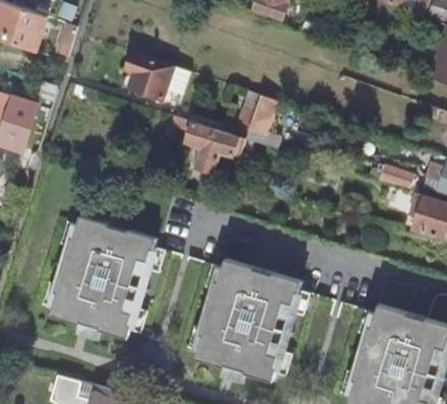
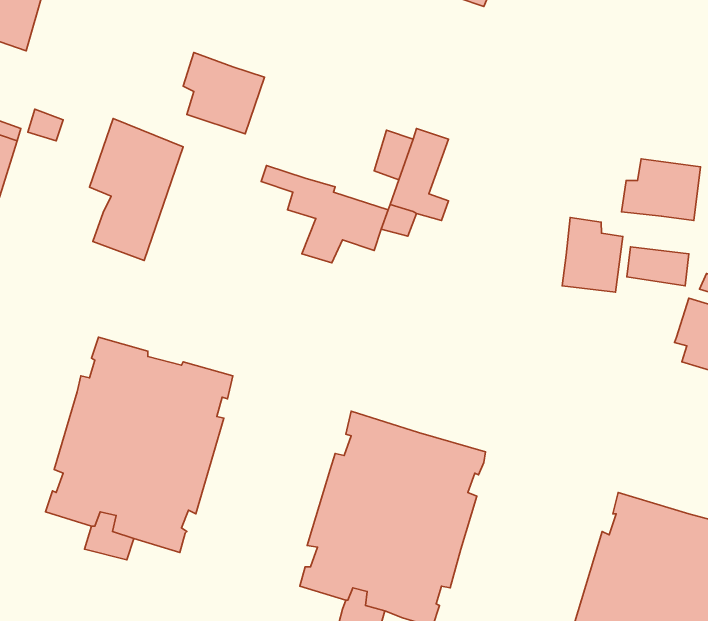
building: none -> [89,119,183,260]
building: none -> [621,159,700,220]
building: none -> [562,218,623,292]

